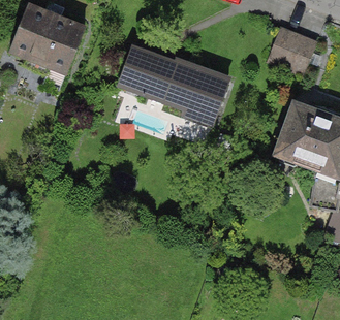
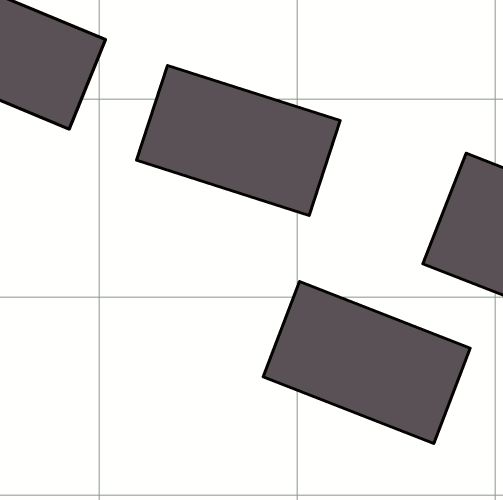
building: [273,21,323,70] -> none
building: none -> [263,282,470,444]

